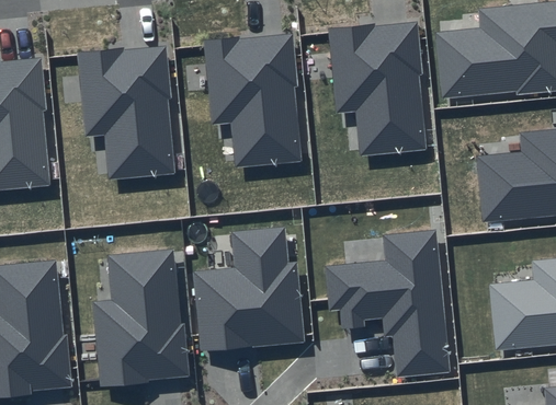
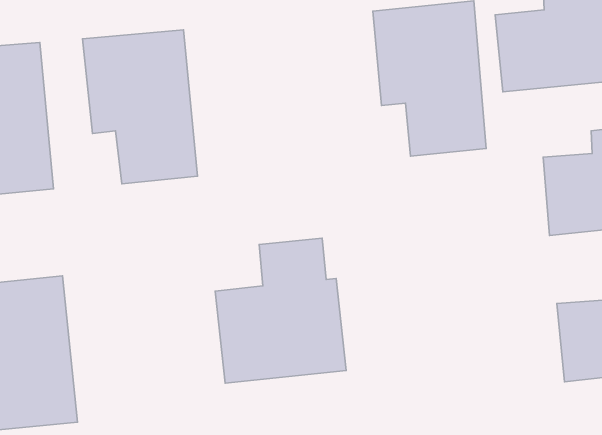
building: [203,34,303,169] -> none
building: [326,230,451,378] -> none
building: [93,250,189,385] -> none

